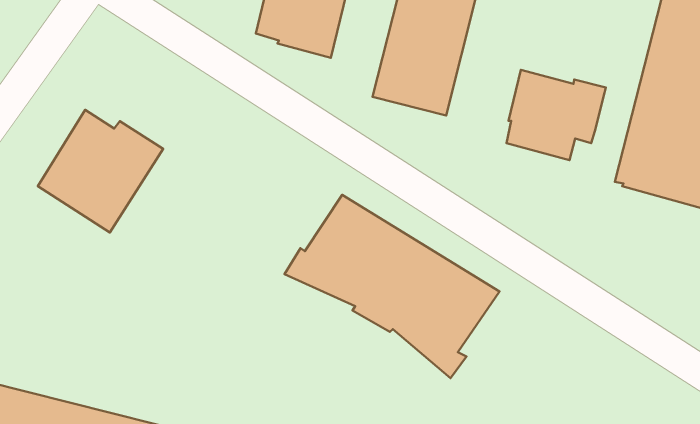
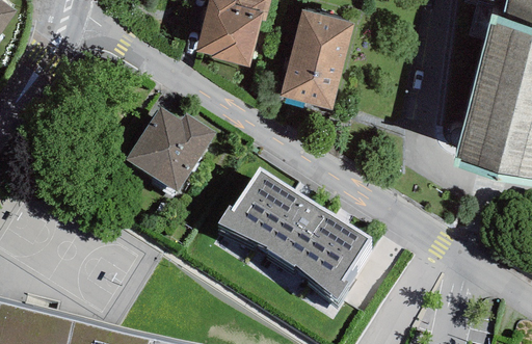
building: [507,70,606,160] -> none
building: [38,110,163,232] -> [125,105,215,193]

